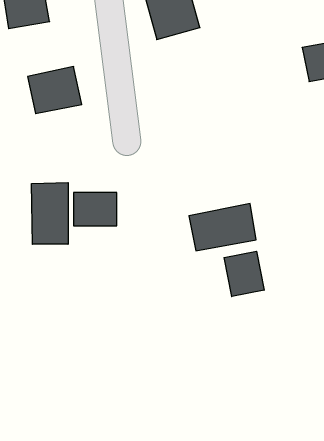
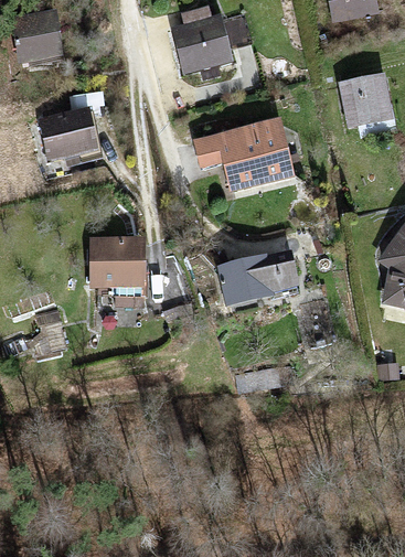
building: none -> [192,115,297,192]
building: [32,183,68,244] -> none
building: [224,251,264,297] -> none

